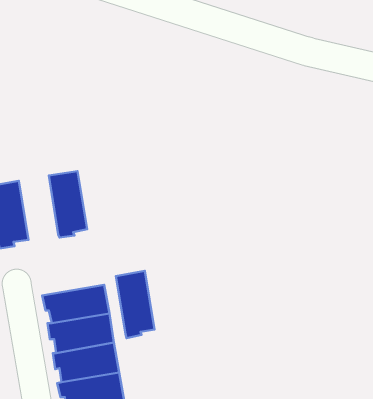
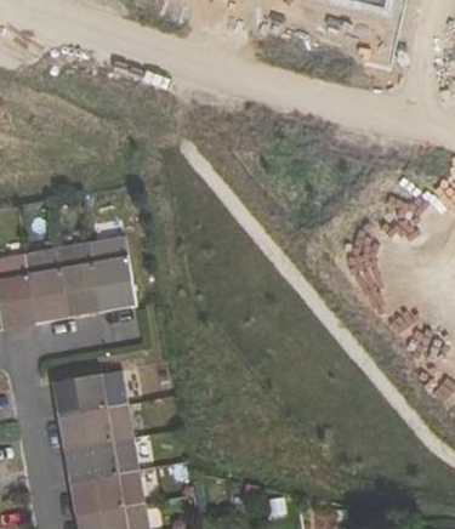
building: none -> [24,248,69,324]
building: [116,271,154,338] -> [91,237,135,313]

